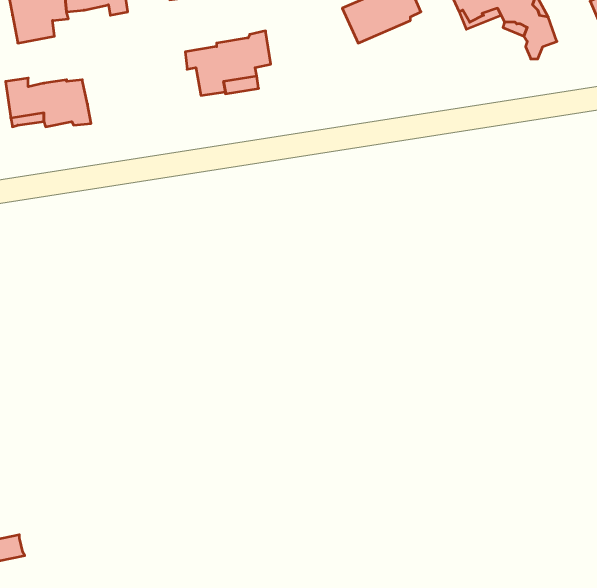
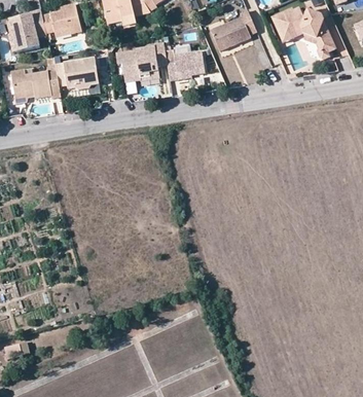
building: none -> [167,50,204,79]
building: none -> [55,58,98,89]

